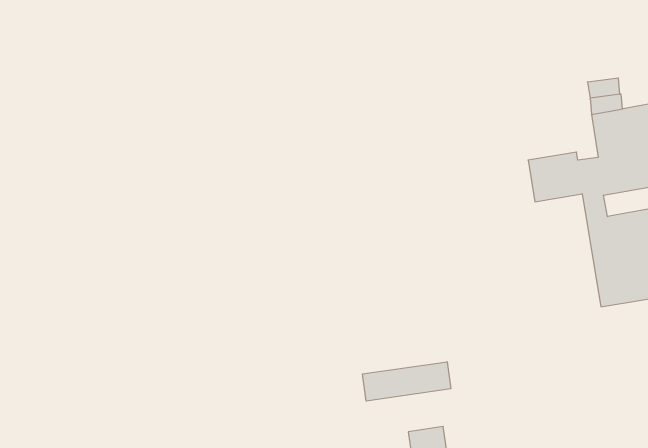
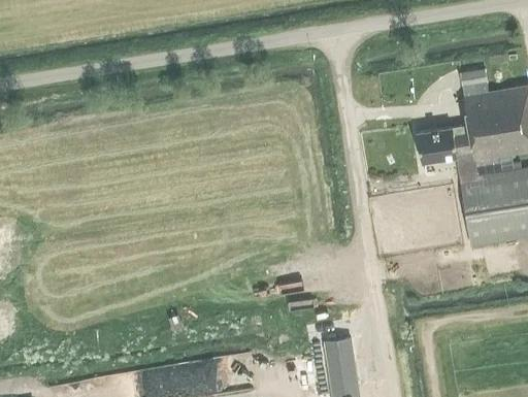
building: [363,362,451,401] -> none

